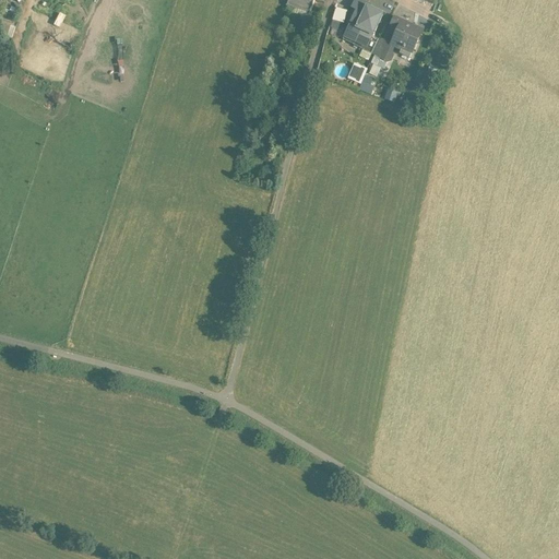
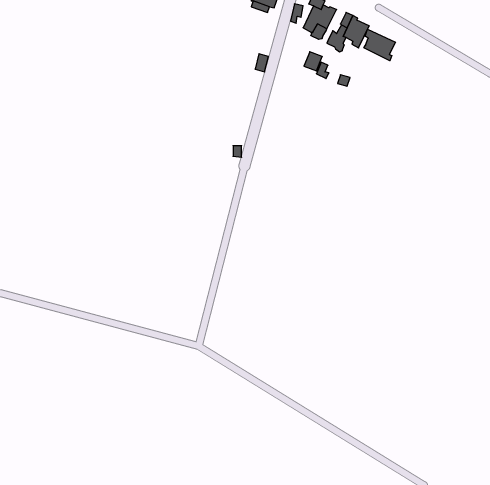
building: none -> [364,29,395,61]

